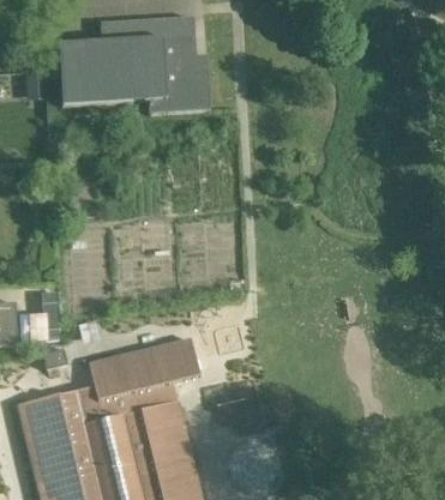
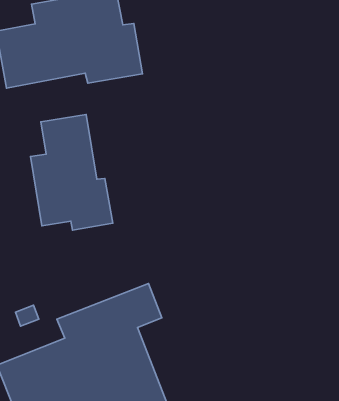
building: none -> [30,115,113,230]

